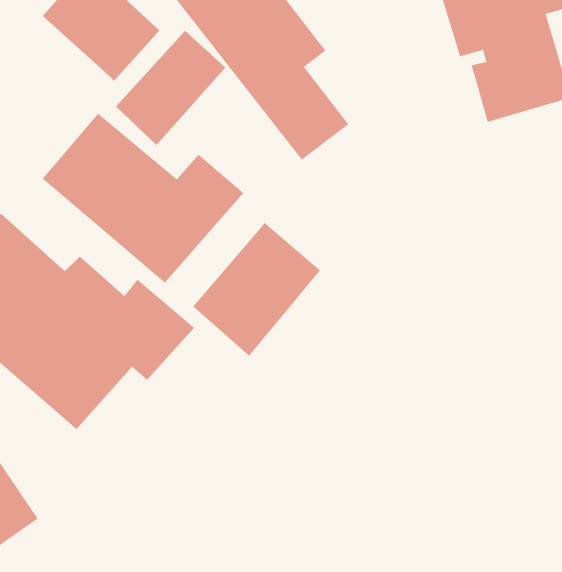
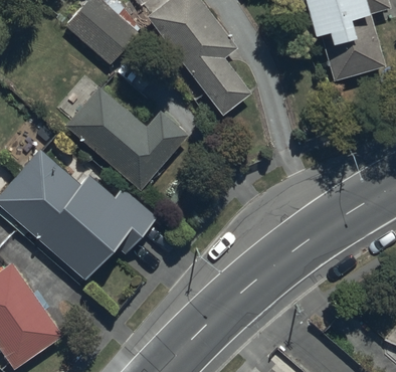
building: [115,30,226,146] -> none
building: [193,222,321,356] -> none

